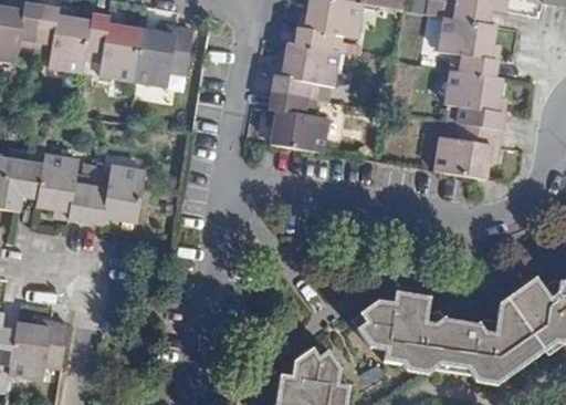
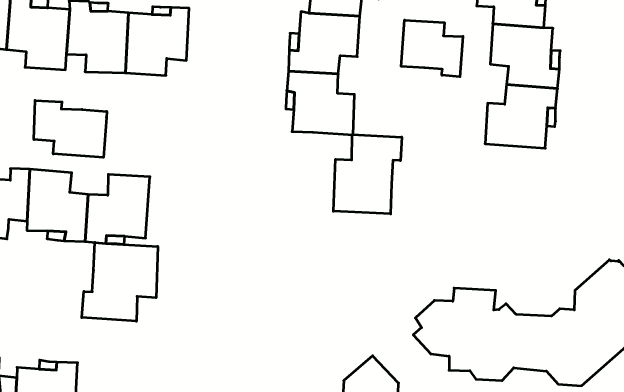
building: none -> [401,20,463,77]
building: none -> [34,100,107,157]
building: none -> [333,135,402,214]
building: none -> [82,242,158,321]

